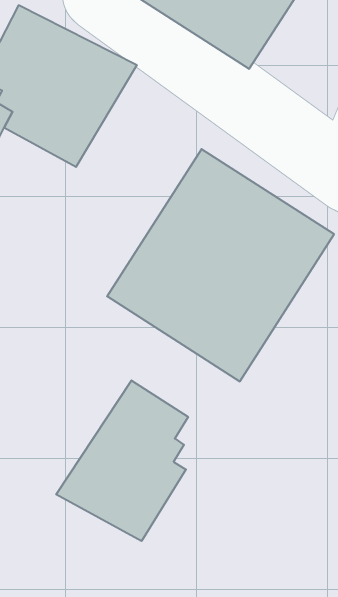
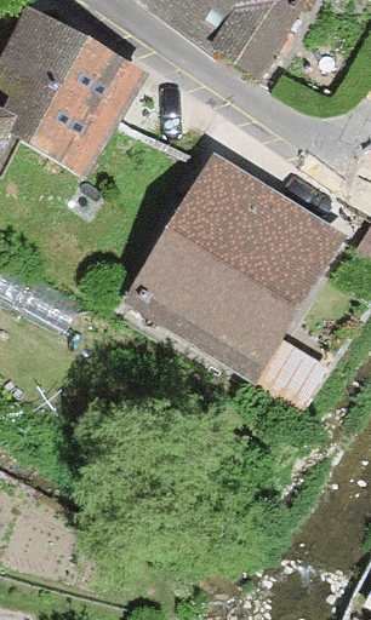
building: [56,380,188,541] -> none

